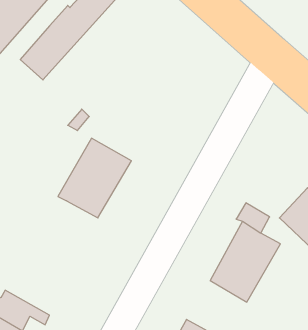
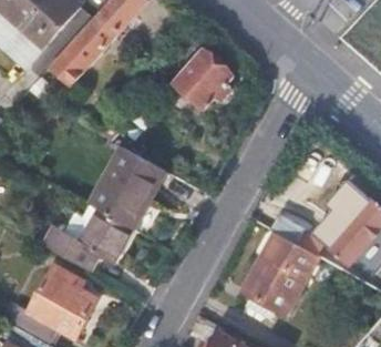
building: none -> [177,52,231,108]
building: none -> [43,211,130,269]
building: none -> [34,265,96,328]

